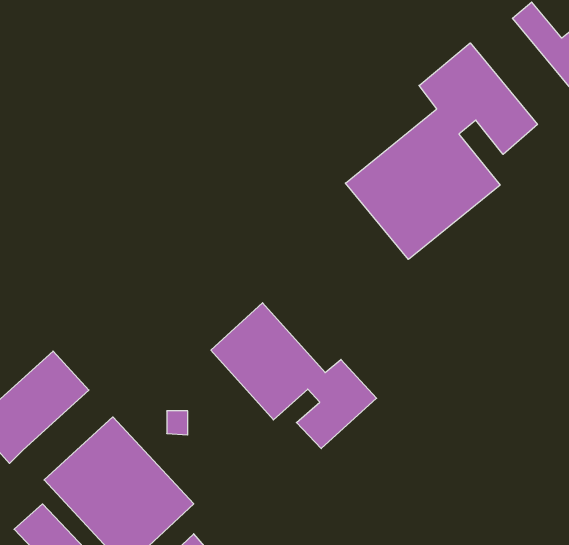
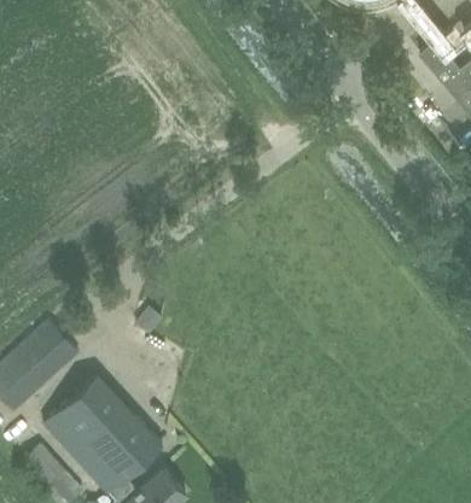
building: [345,43,537,259] -> none
building: [211,303,377,449] -> none

